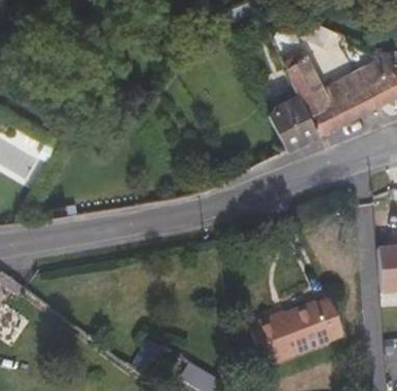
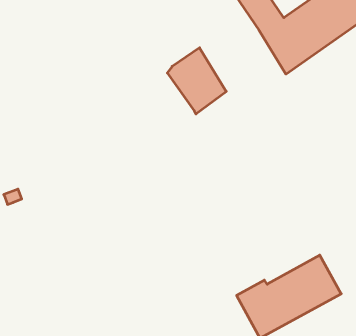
building: [268,92,319,150] -> [167,48,226,114]

